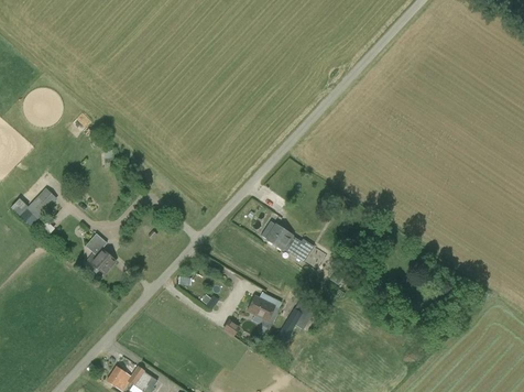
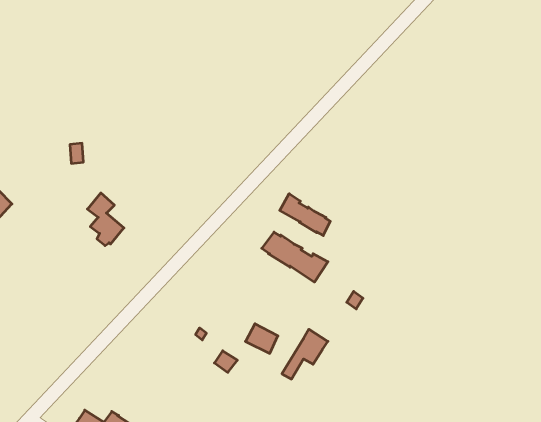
building: none -> [280,194,330,236]
building: [86,232,116,275] -> [87,193,124,246]

